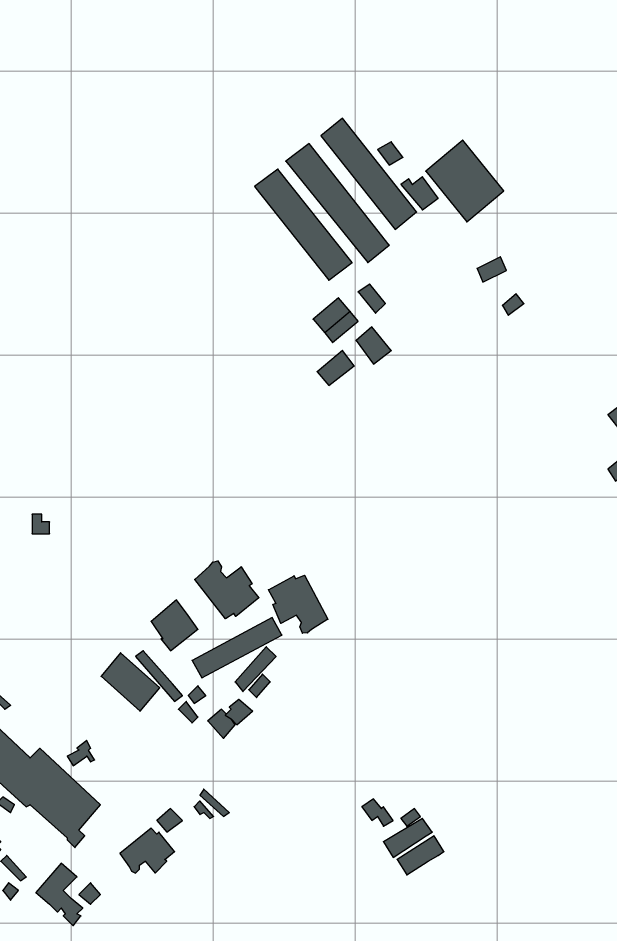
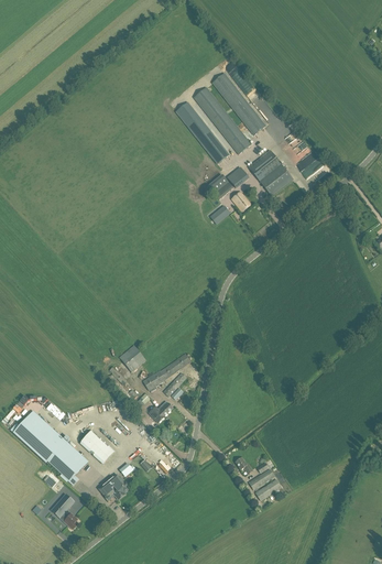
building: [426,140,504,222] -> [248,148,292,194]
building: [195,561,259,619] -> none
building: [268,575,328,633] -> none
building: [101,653,160,711] -> [80,429,113,462]

